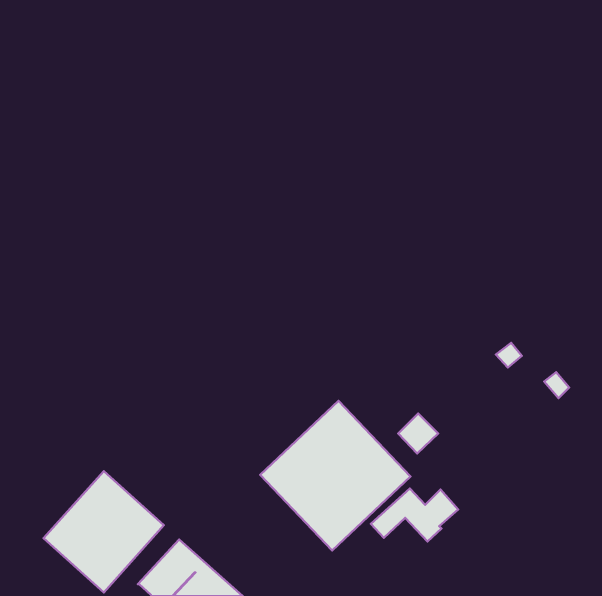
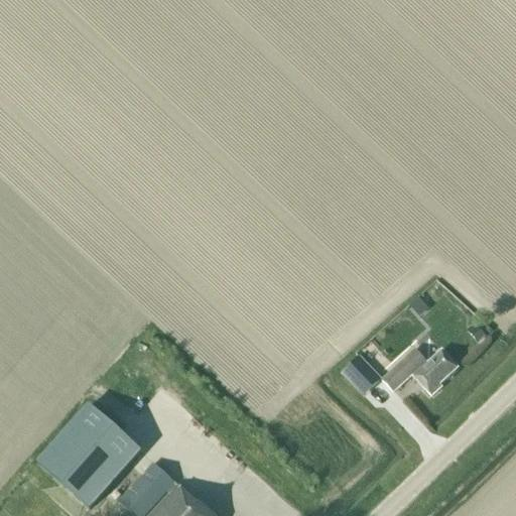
building: [260,401,410,550] -> none
building: [371,488,458,541] -> [382,347,457,392]

